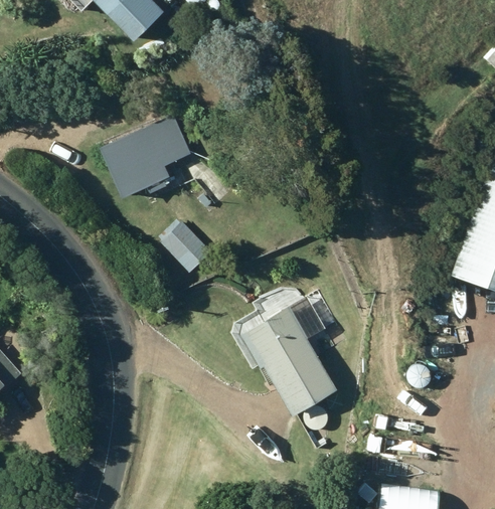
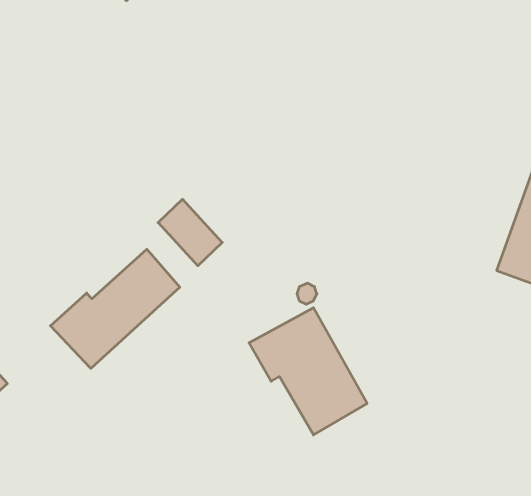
building: [98,114,192,198] -> none
building: none -> [50,249,180,368]

